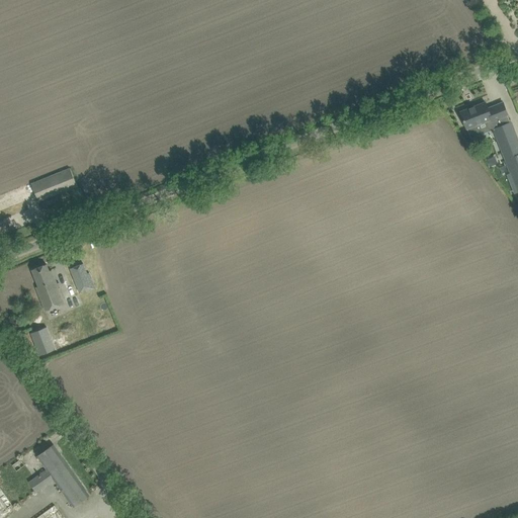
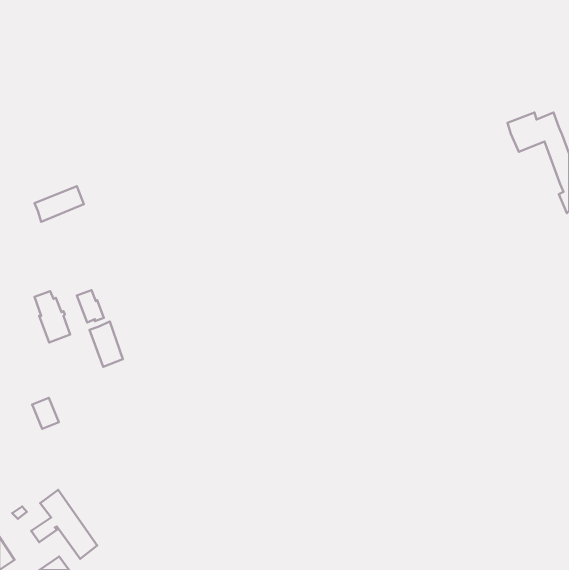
building: none -> [89,321,123,367]
building: [30,327,55,355] -> [32,398,59,429]

